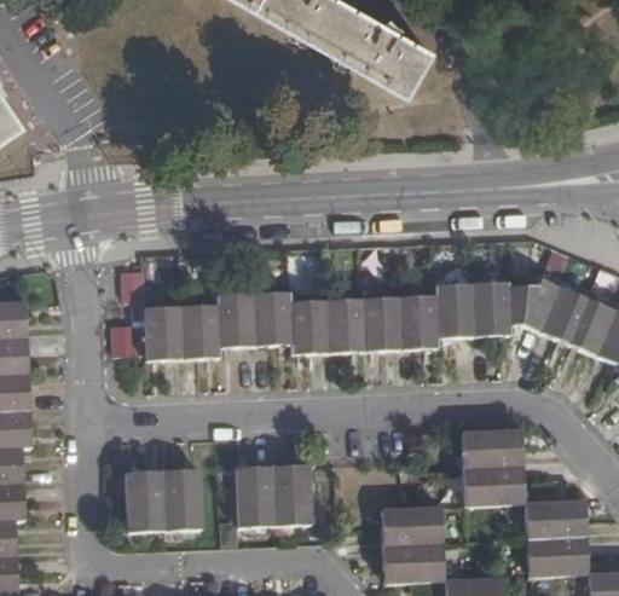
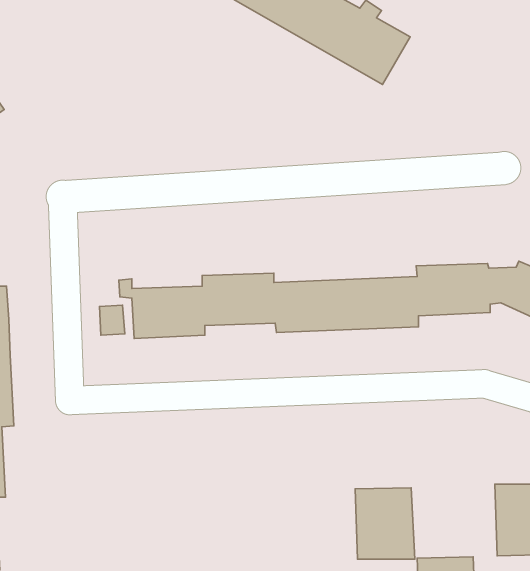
building: [461,434,519,508] -> none
building: [233,463,310,526] -> none
building: [125,468,199,532] -> none

